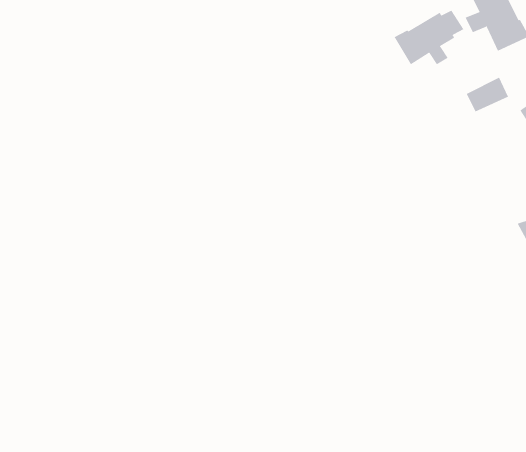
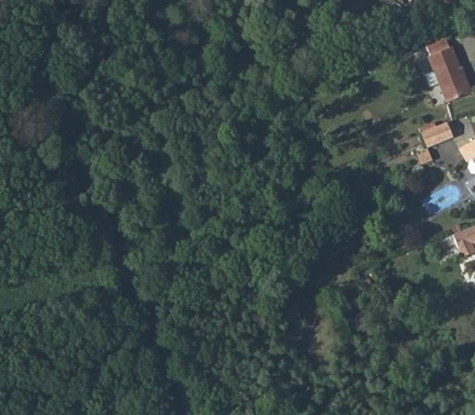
building: [394,10,464,65] -> none

